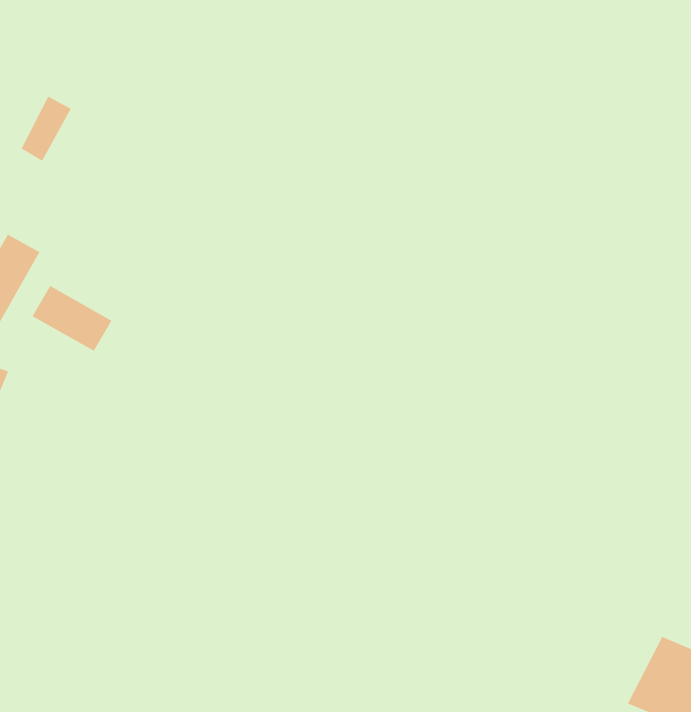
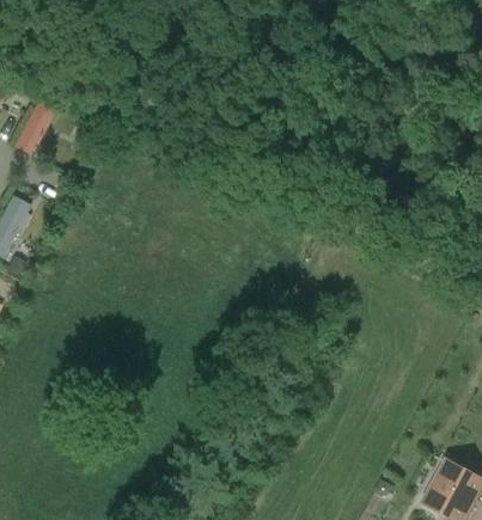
building: [32,285,112,352] -> none

